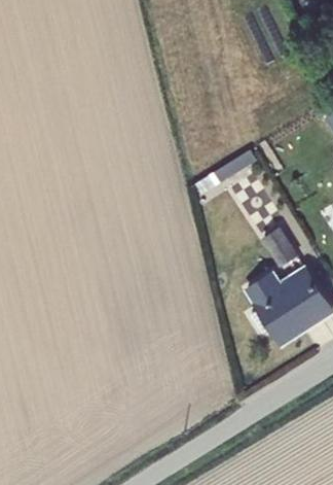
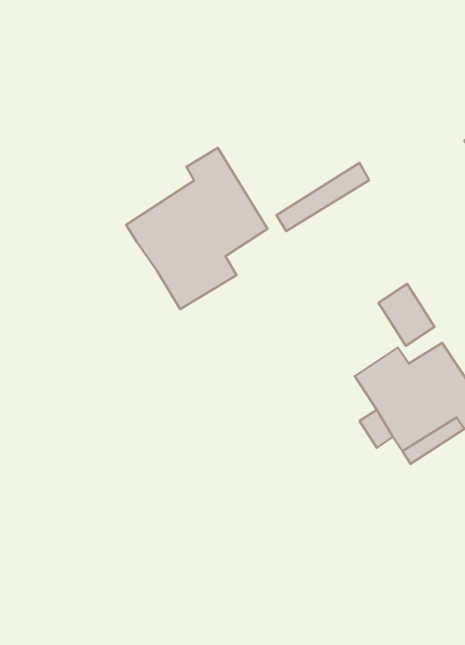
building: none -> [126,148,267,309]

